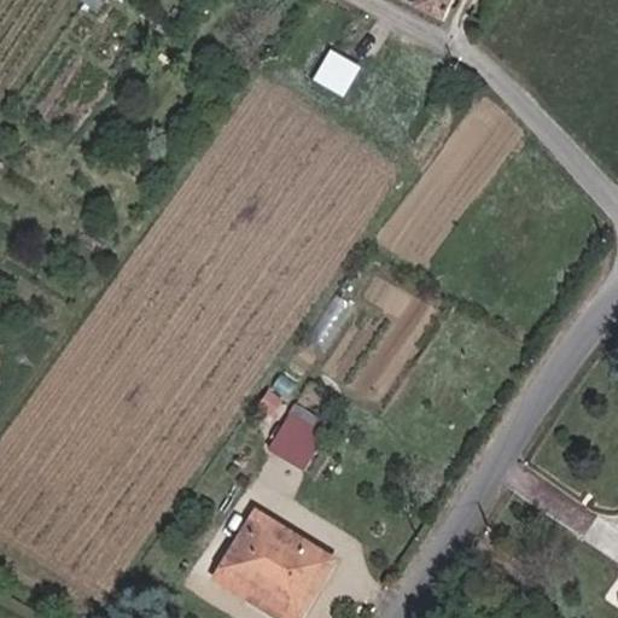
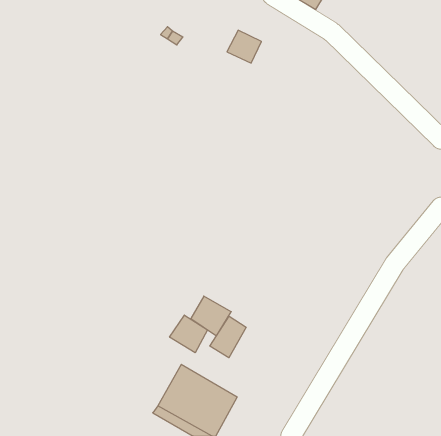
building: none -> [170,315,207,353]
building: none -> [210,316,246,358]

